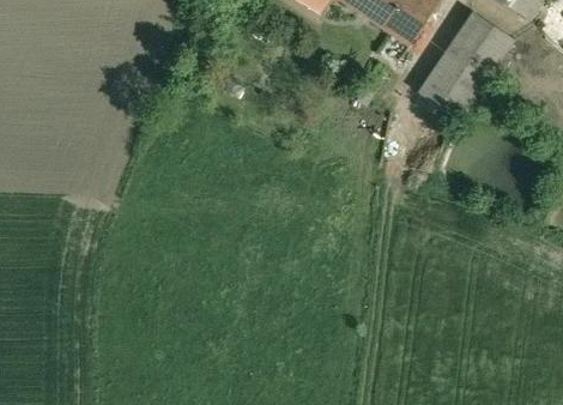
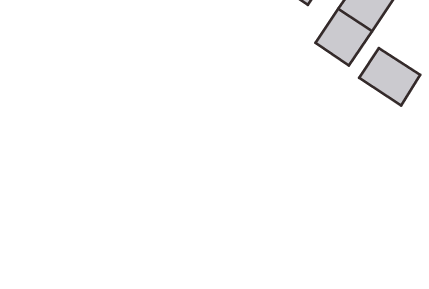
building: none -> [359,48,420,106]

